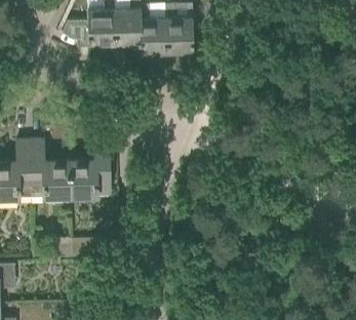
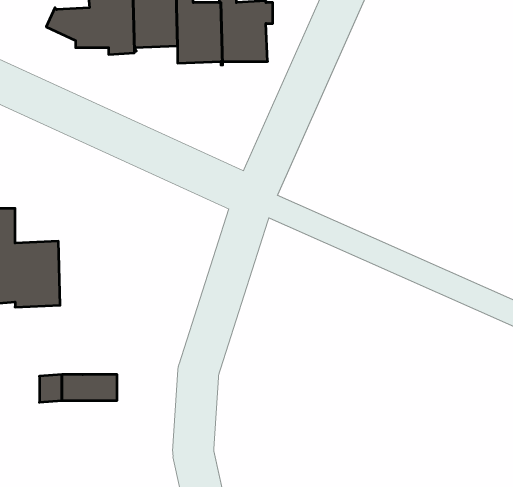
building: [69,137,109,197] -> none

